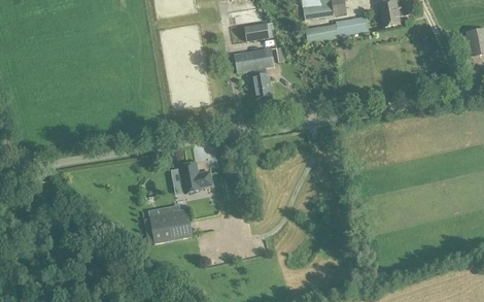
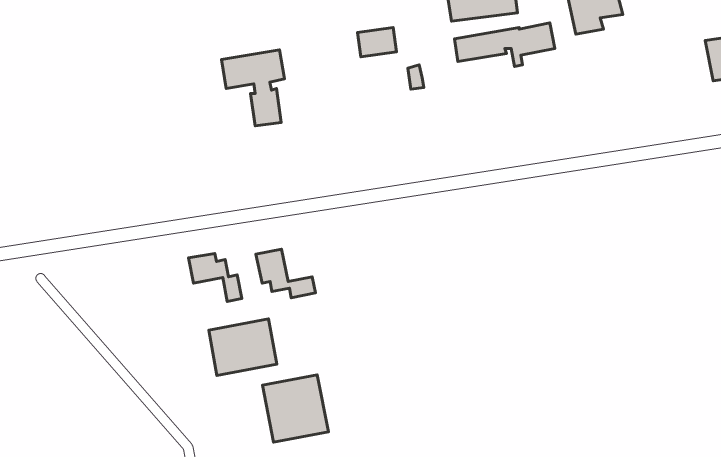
building: [233,46,273,95] -> [221,50,284,126]
building: none -> [189,254,242,301]
building: none -> [262,375,328,442]

